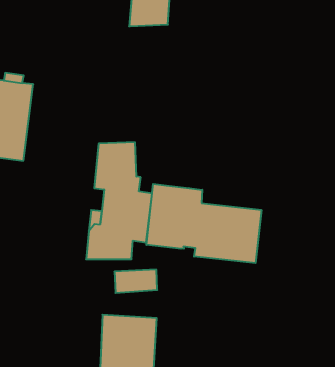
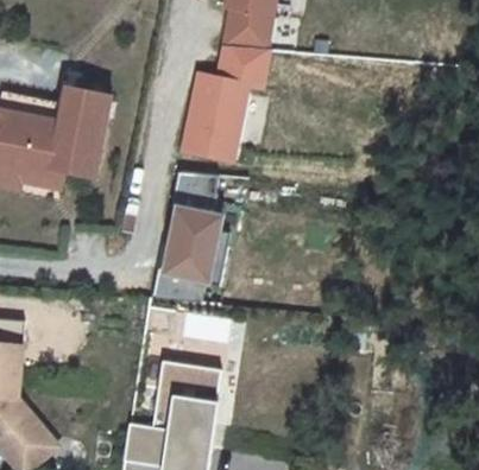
building: none -> [182,46,270,161]
building: [146,184,261,263] -> none

